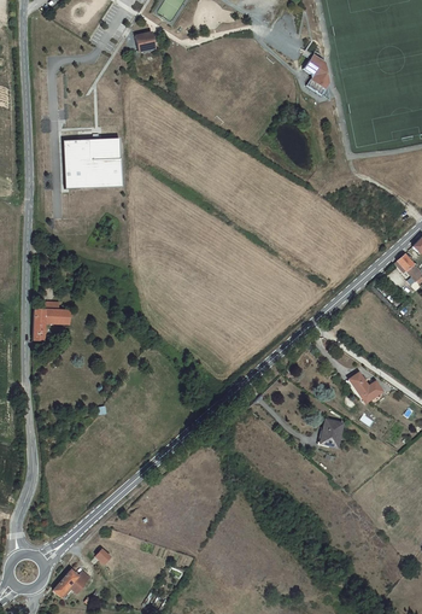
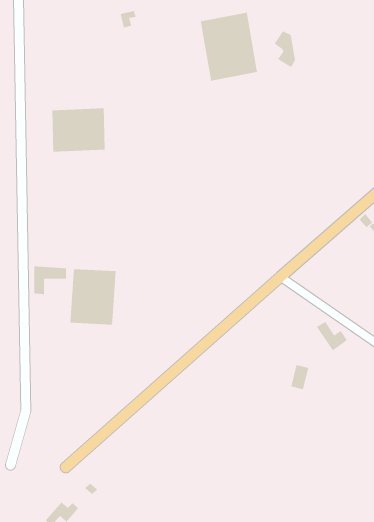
building: none -> [200,12,258,81]
building: none -> [70,268,116,325]

